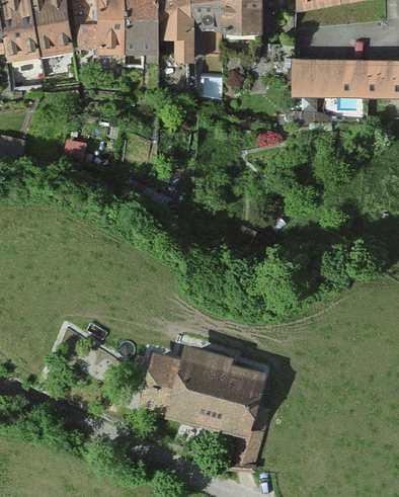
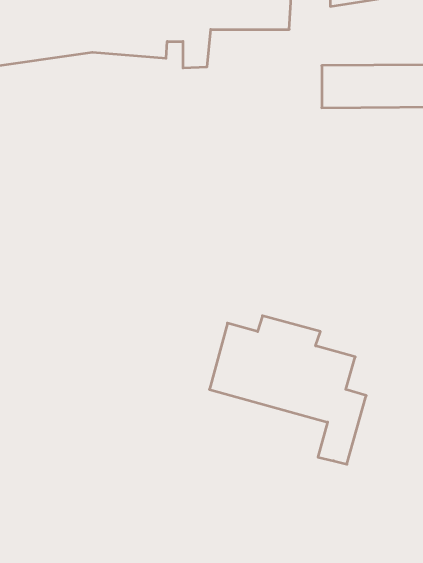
building: [136,339,267,464] -> [209,316,366,464]

